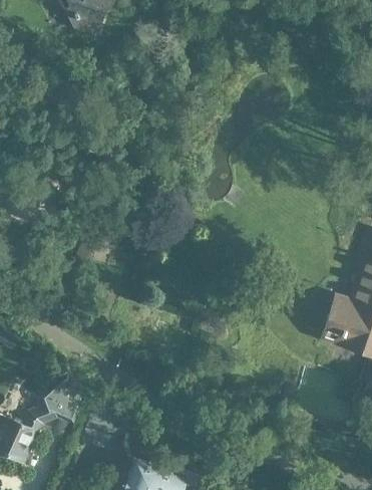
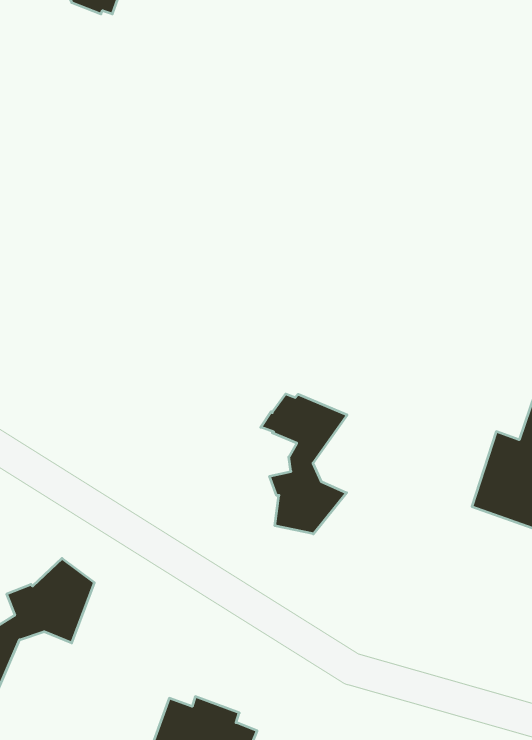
building: none -> [261,394,347,534]

